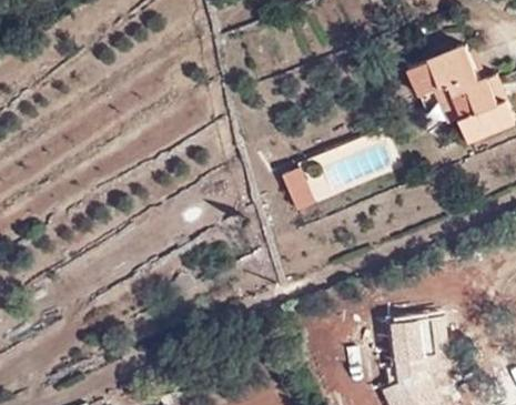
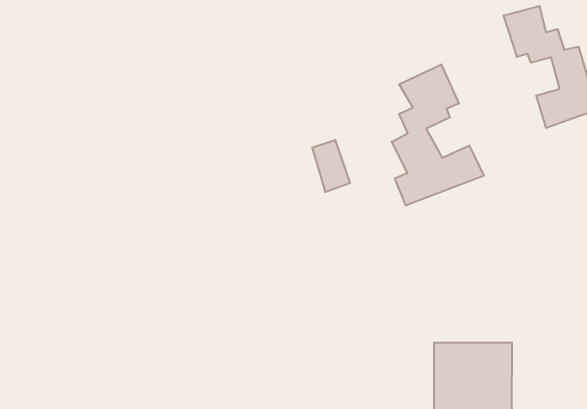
building: none -> [392,64,484,206]

